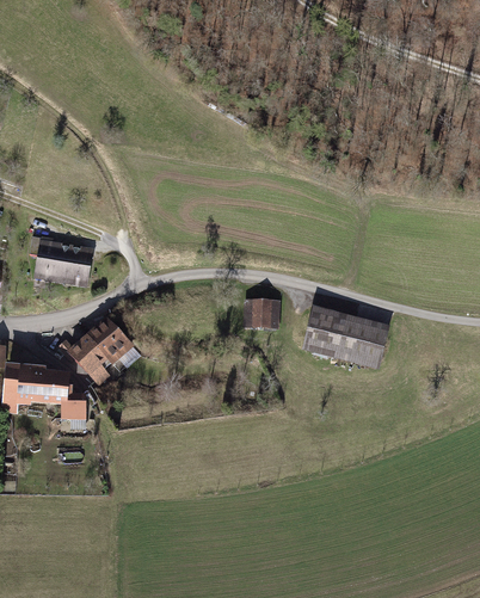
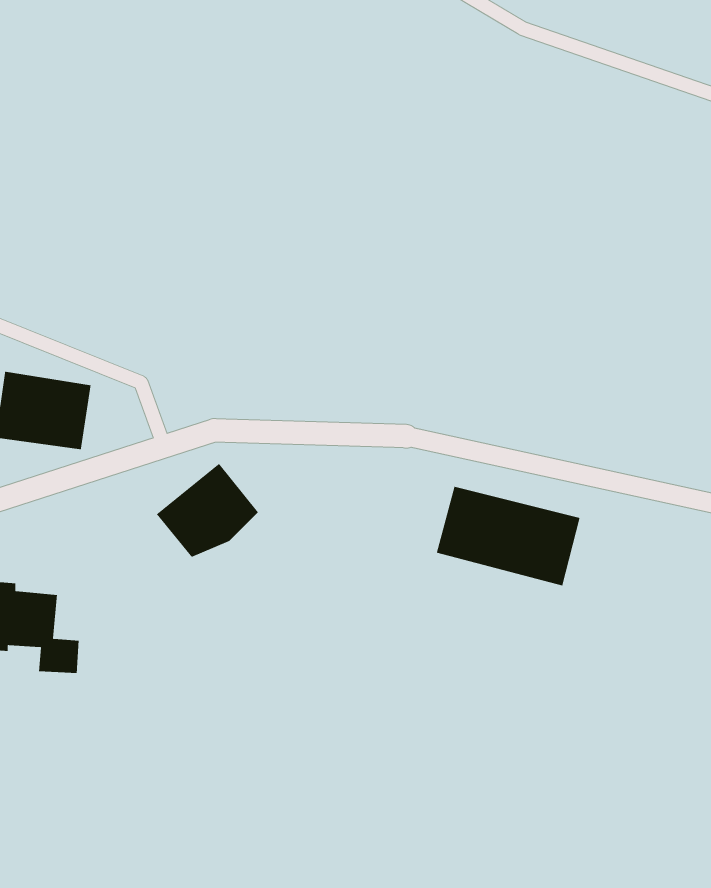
building: [241,300,269,328] -> none
building: [67,319,129,376] -> [156,463,259,558]

